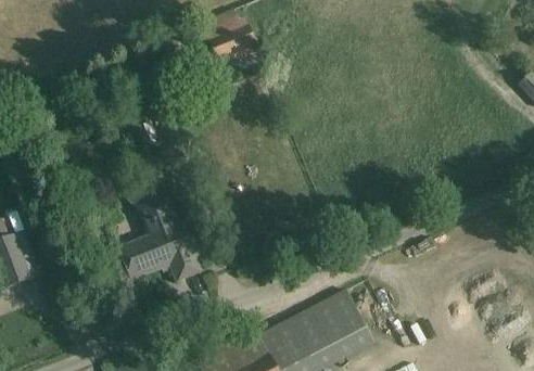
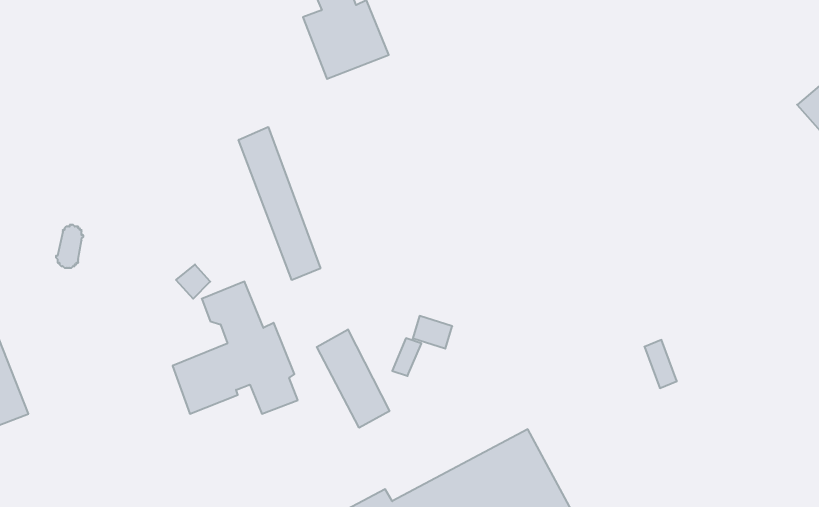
building: none -> [239,127,320,280]
building: none -> [317,329,389,428]

